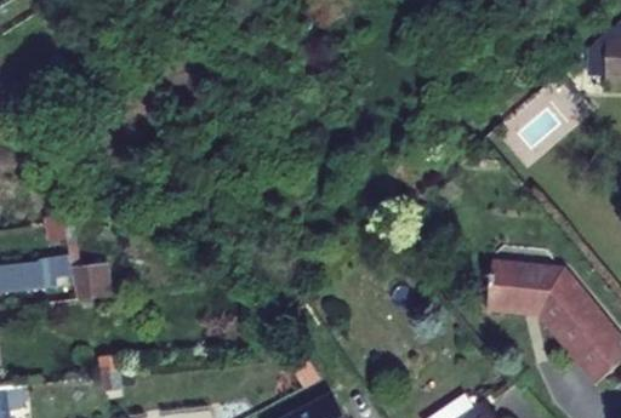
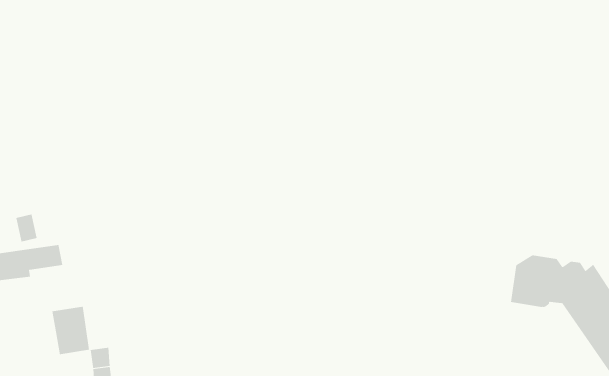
building: [68,252,104,298] -> [51,306,90,355]

